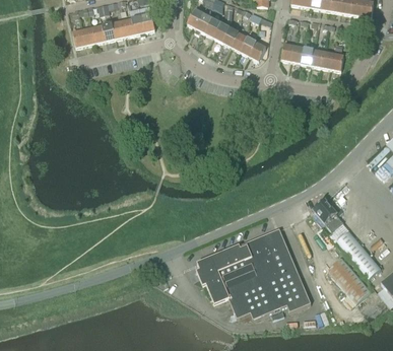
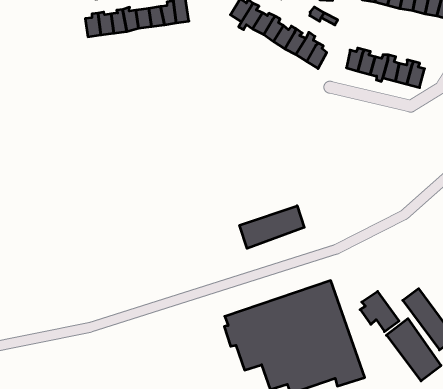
building: none -> [240,206,304,248]
building: [311,200,342,231] -> [360,291,399,332]

